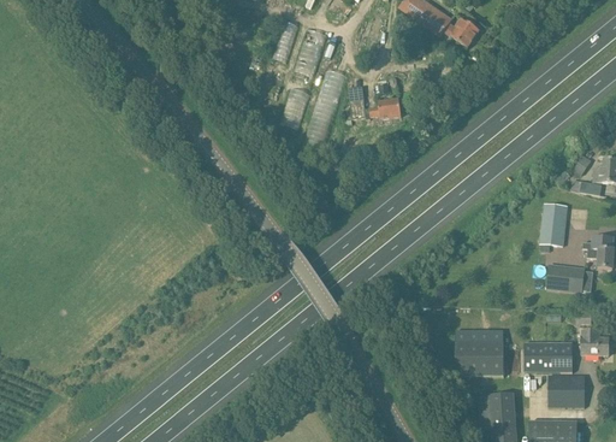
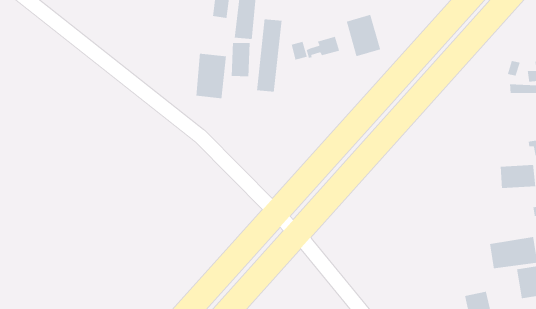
building: none -> [346,14,381,57]
building: none -> [196,53,227,99]
building: [539,202,568,244] -> none
building: [456,340,504,375] -> none

